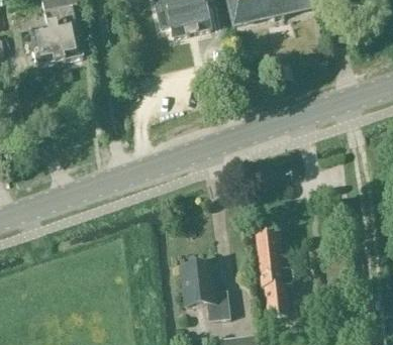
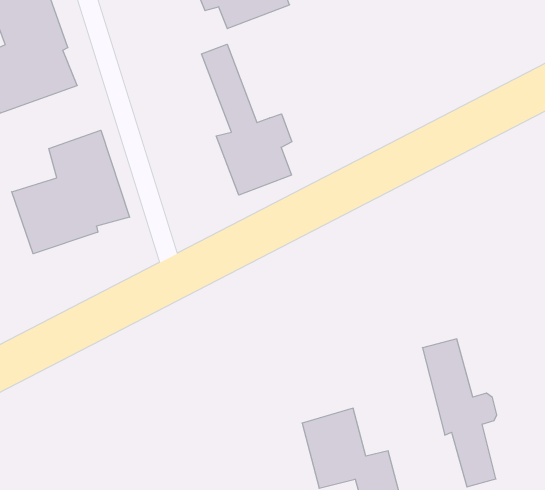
building: none -> [201,44,292,195]
building: none -> [12,130,130,254]

